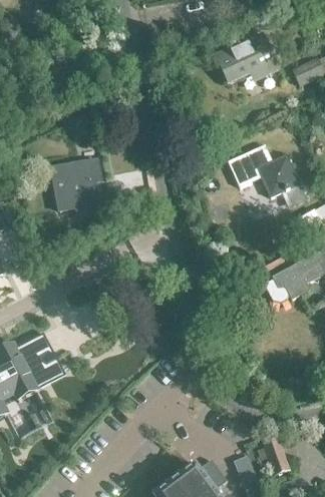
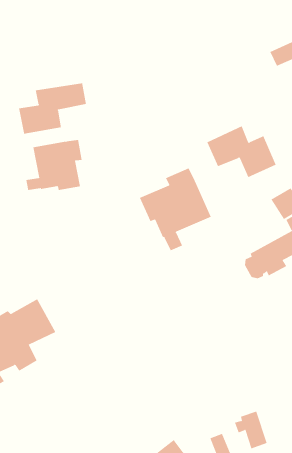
building: [216,35,278,84] -> none
building: none -> [19,82,87,134]
building: none -> [139,168,211,251]

